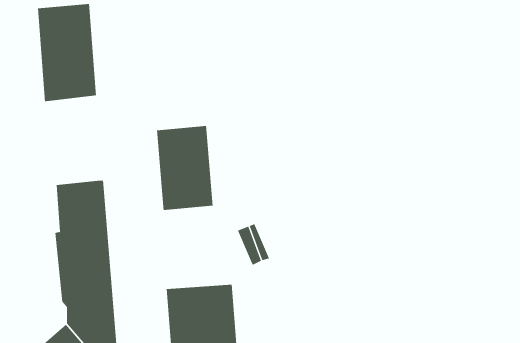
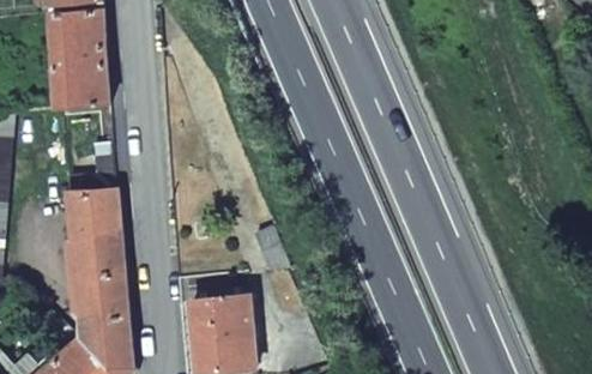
building: [156,125,213,211] -> none

